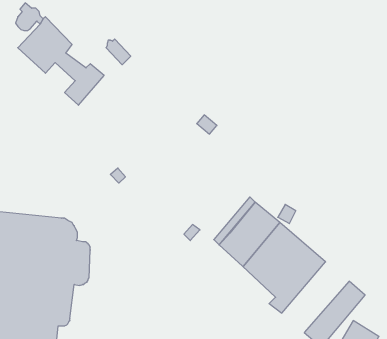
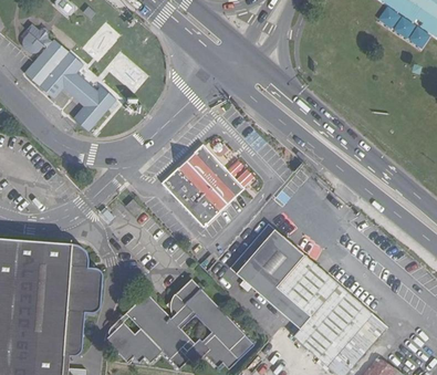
building: none -> [160,144,242,227]
building: none -> [105,279,253,369]
building: none -> [302,294,372,367]

